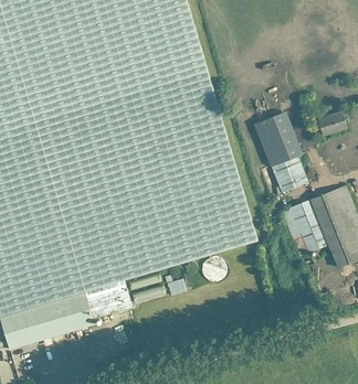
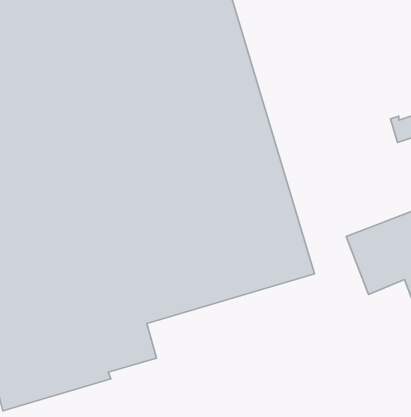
building: [255,114,308,192] -> none

